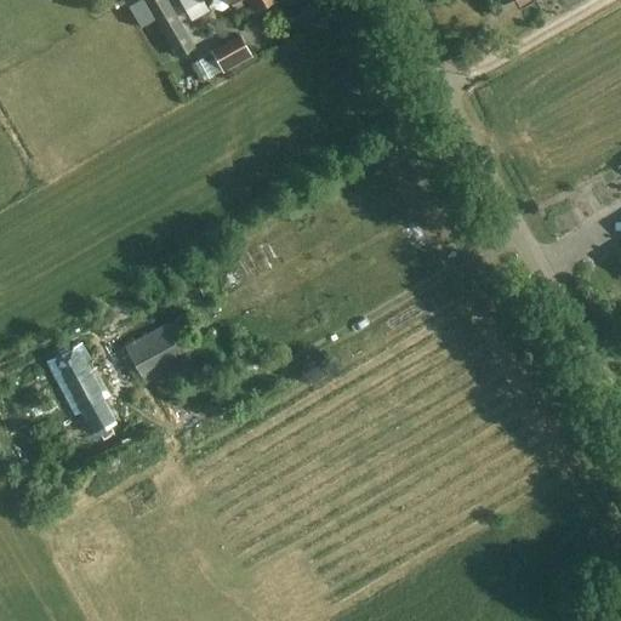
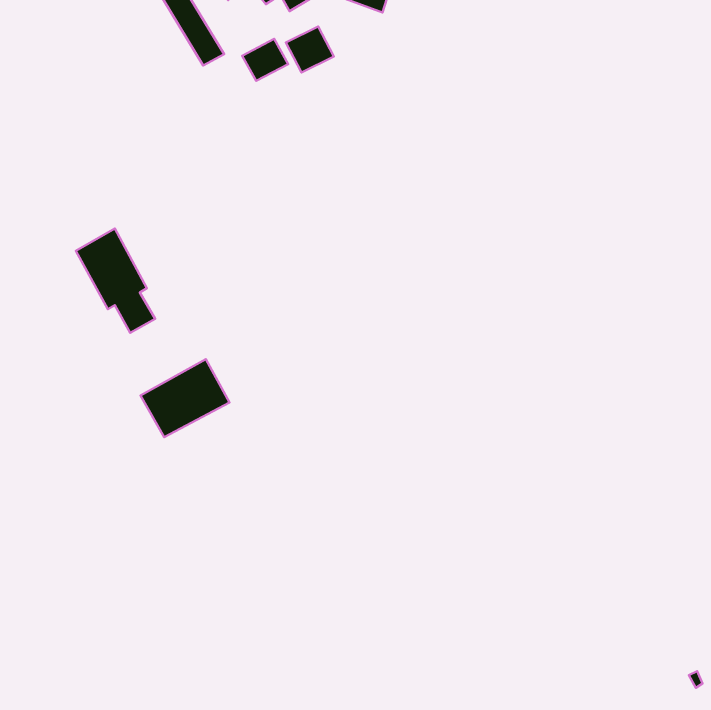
building: none -> [286,26,334,73]
building: [46,342,115,433] -> [76,228,155,333]

